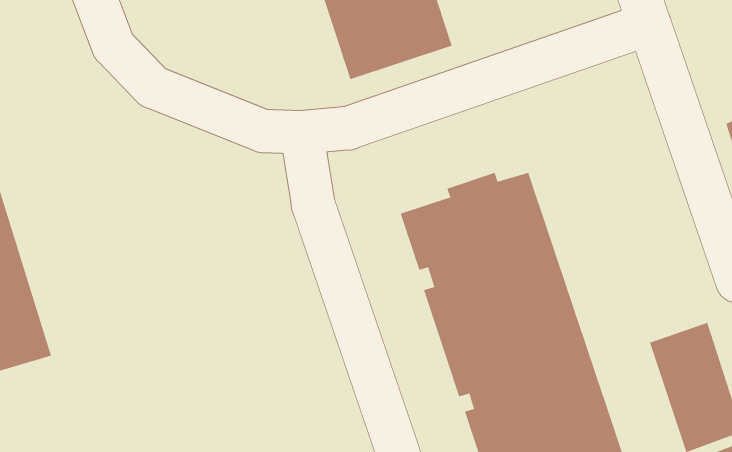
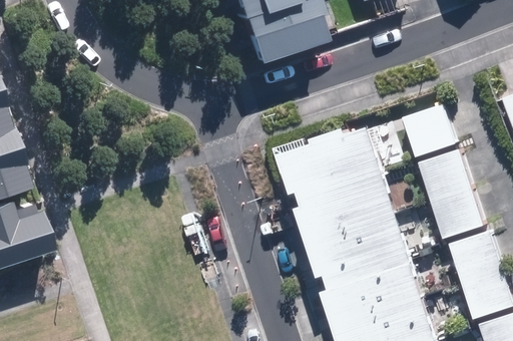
building: none -> [404,103,458,156]
building: none -> [420,147,487,238]

